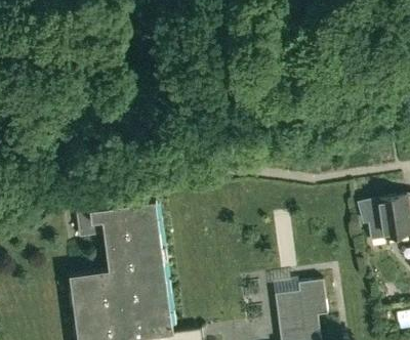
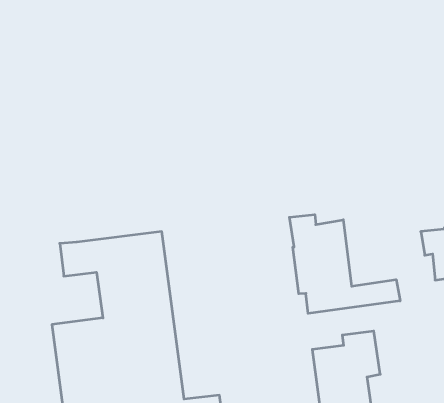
building: none -> [289,215,400,313]

